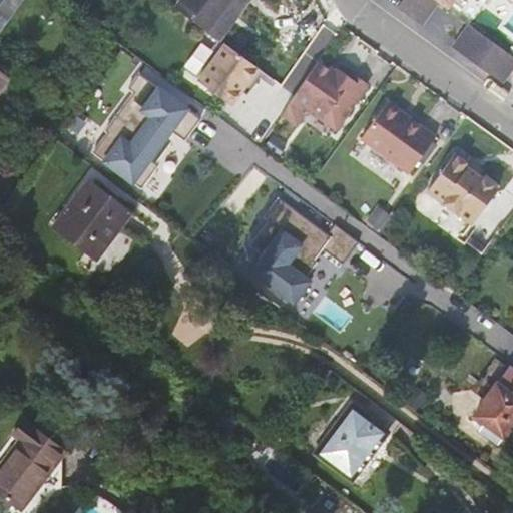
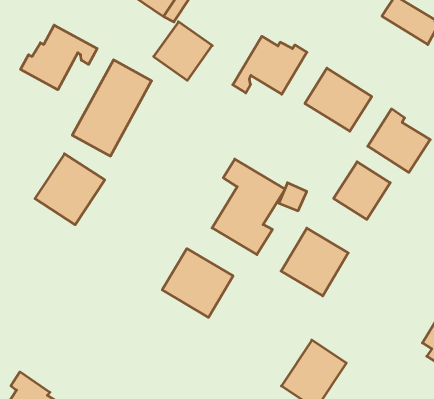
building: none -> [21,25,97,90]
building: none -> [334,162,390,219]
building: none -> [281,228,348,296]
building: none -> [162,249,233,317]

